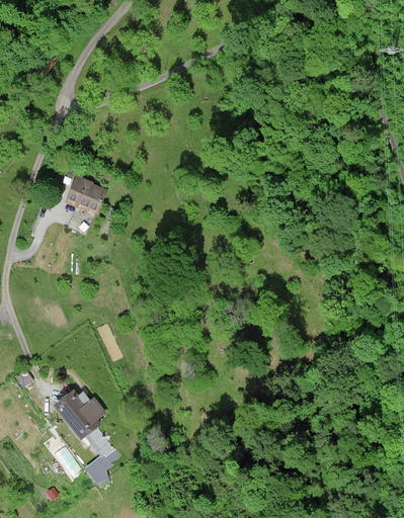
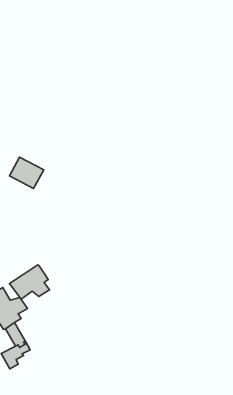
building: [66,177,106,212] -> [9,157,44,188]
building: none -> [10,265,50,299]

